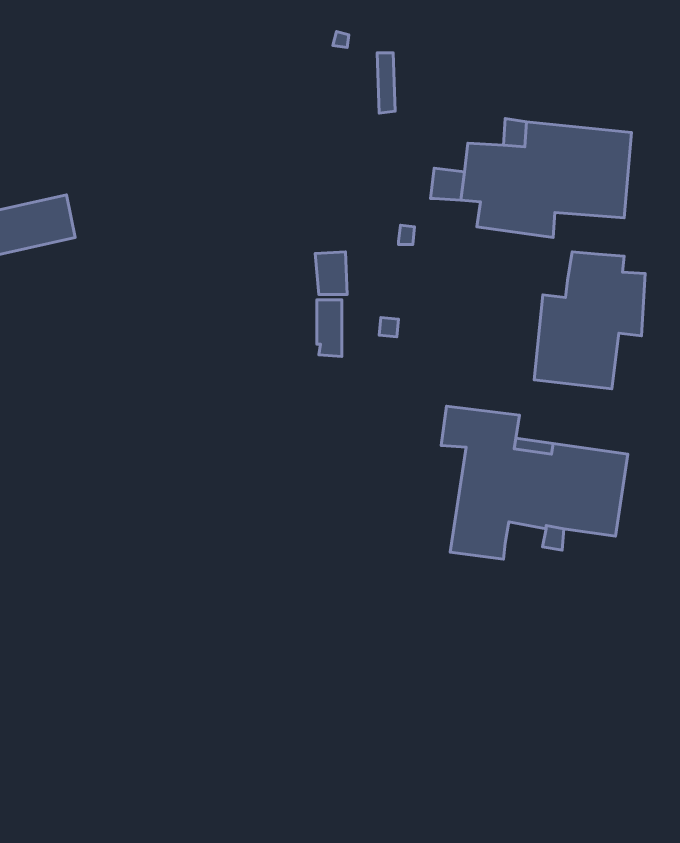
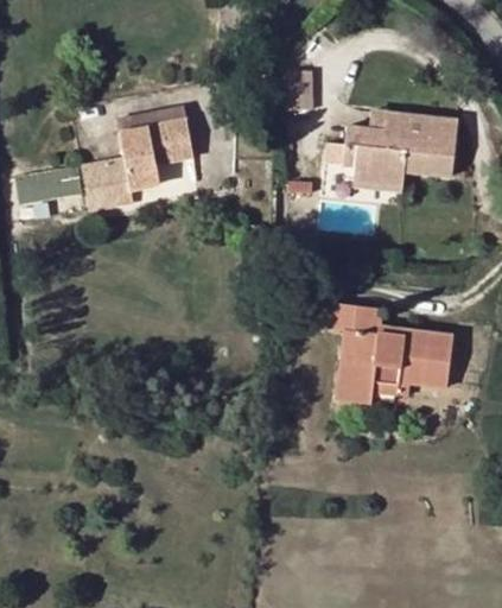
building: none -> [82,120,193,210]
building: [534,252,645,389] -> none

